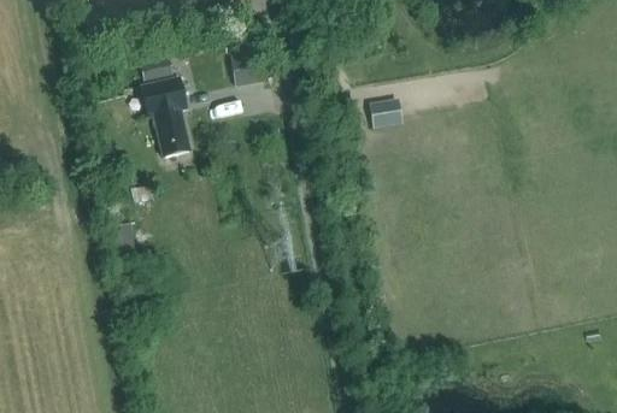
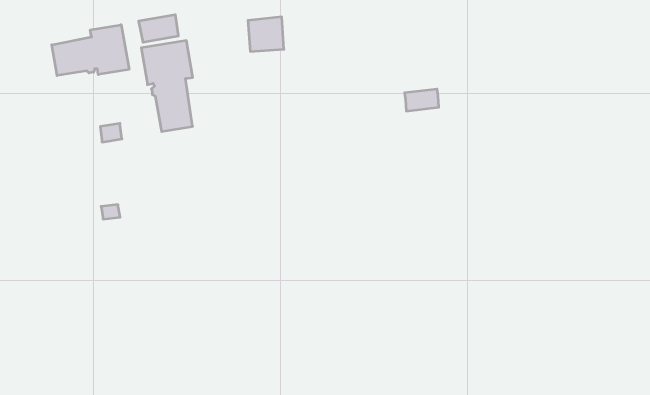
building: none -> [52,25,129,76]

